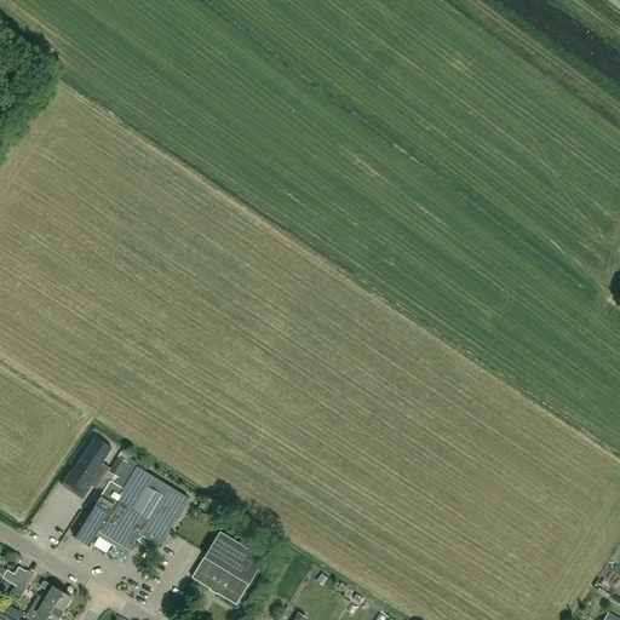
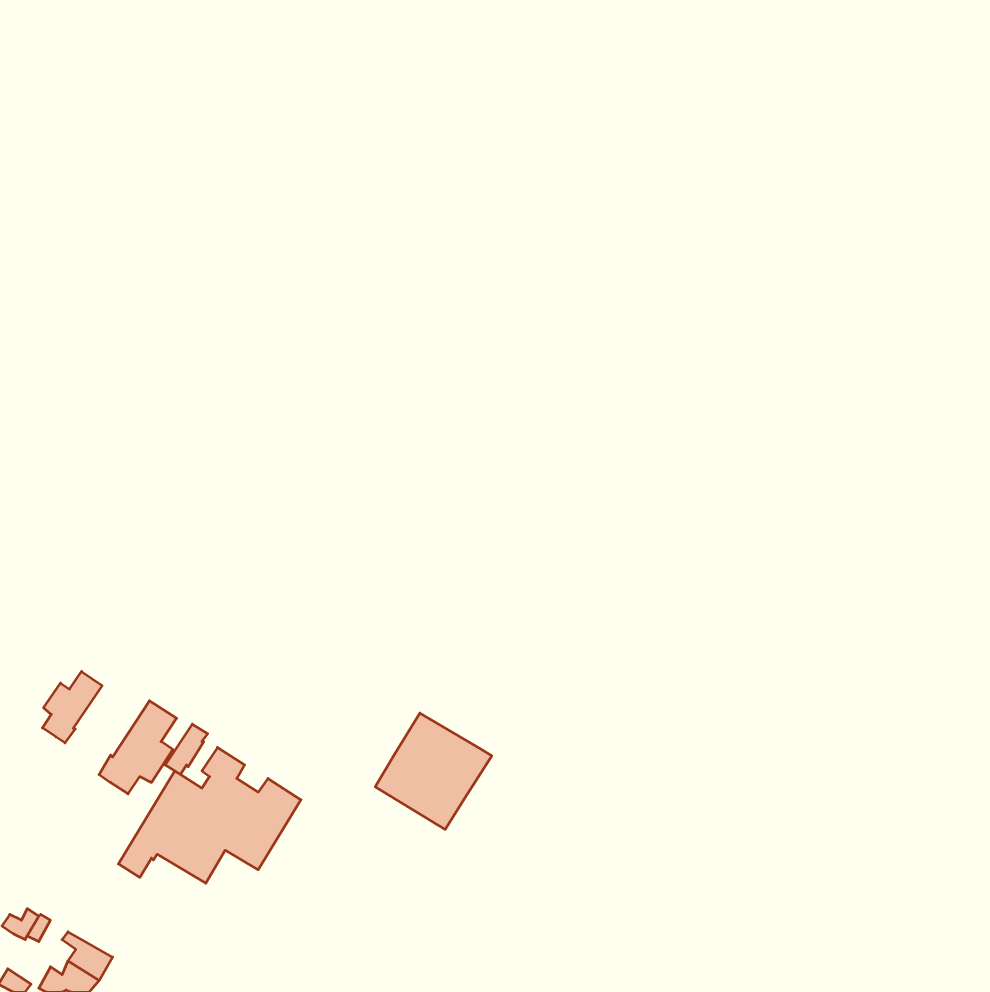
building: none -> [42,671,102,743]
building: [191,533,264,605] -> [375,713,492,829]

